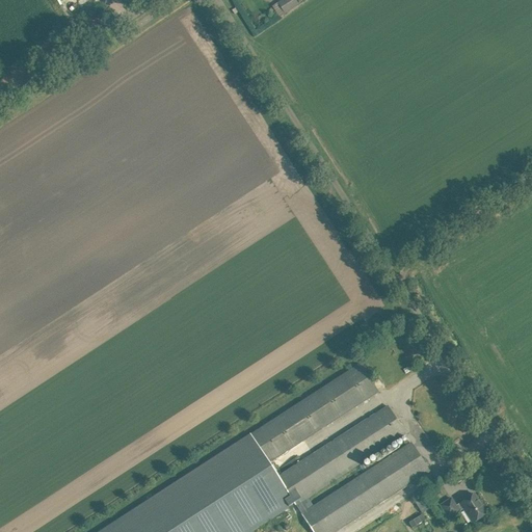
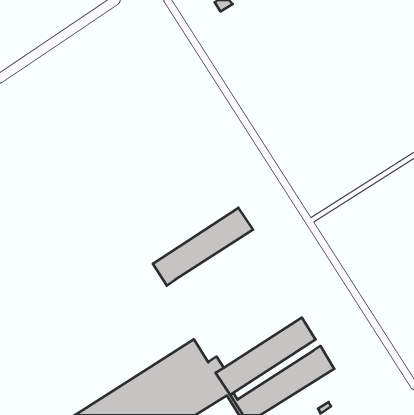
building: [248,364,376,463] -> [153,208,253,286]
building: [437,495,486,524] -> none

